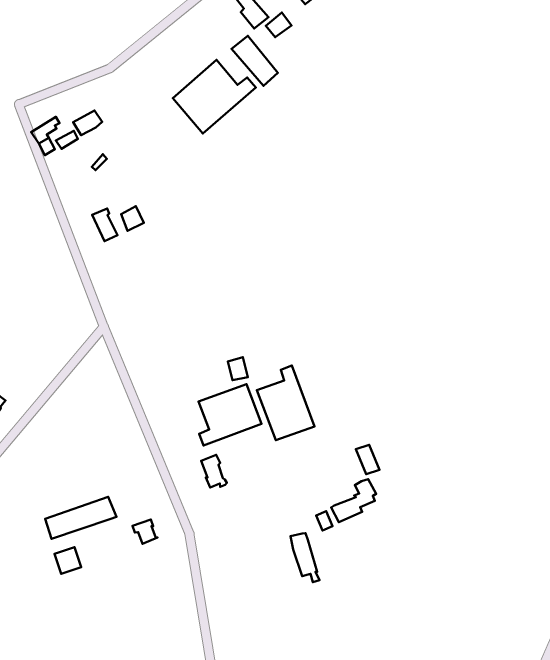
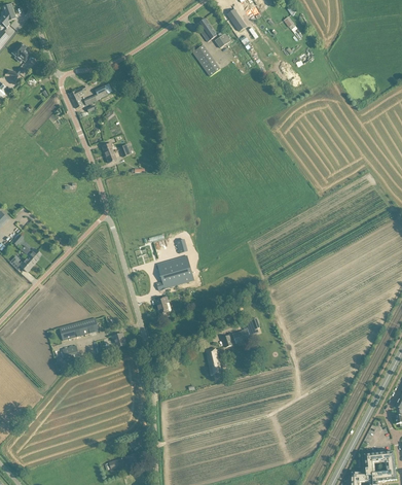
building: [173,60,256,133] -> none
building: [257,366,314,440] -> none

